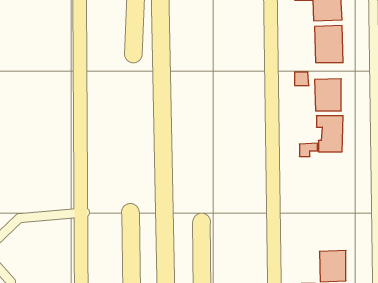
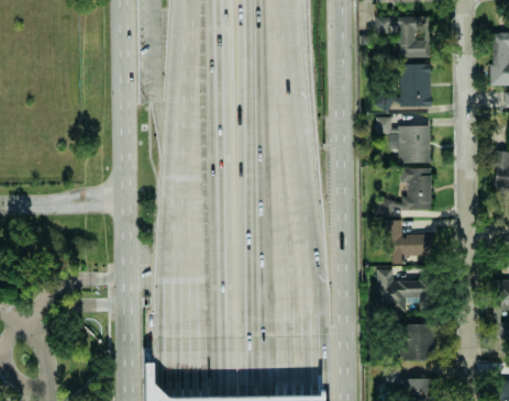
building: none -> [386,220,434,265]
building: none -> [377,269,427,305]

